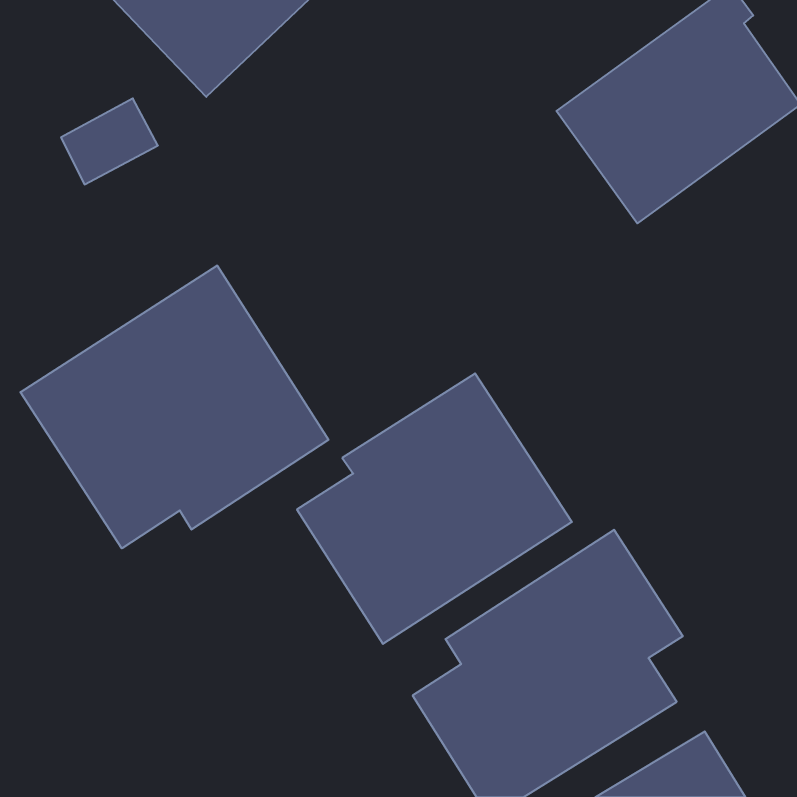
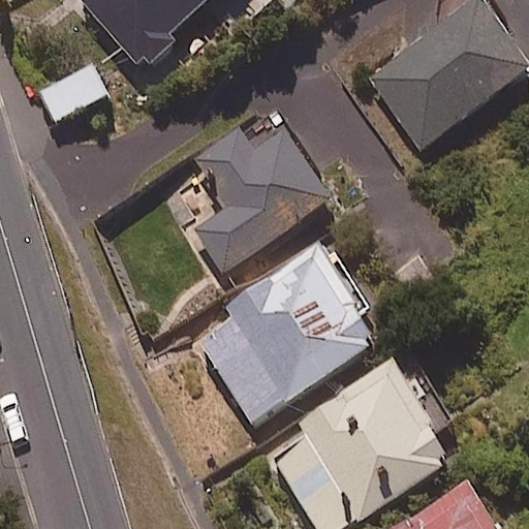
building: none -> [191,124,331,273]
building: [20,265,328,548] -> none

